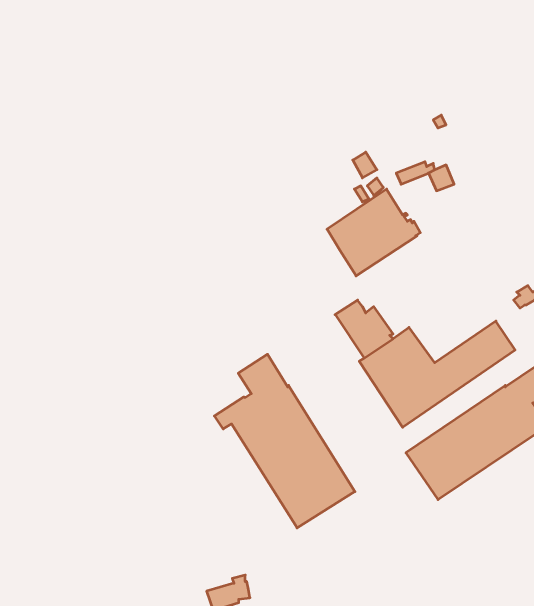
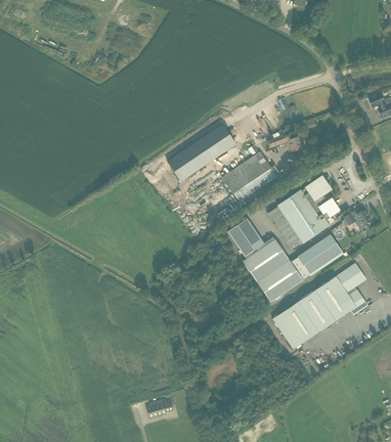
building: none -> [167,124,235,181]
building: none -> [268,175,339,250]
building: [214,354,355,528] -> none

